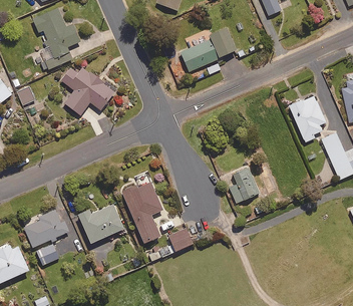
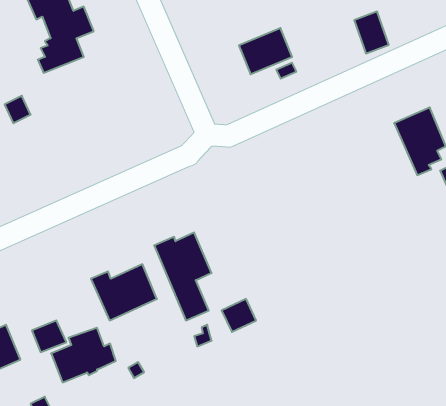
building: [211,27,235,56] -> [354,12,389,53]
building: [61,66,115,114] -> none
building: [229,167,260,203] -> none
building: [24,209,69,247] -> [51,328,116,382]

